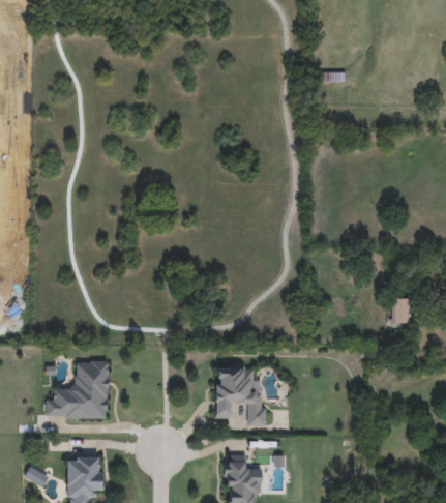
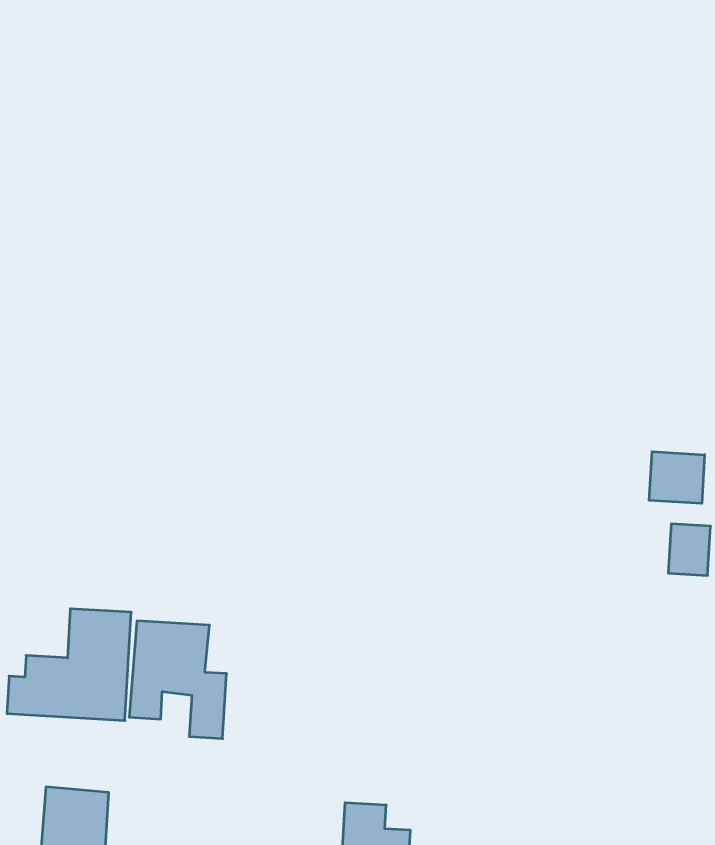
building: none -> [649,452,705,503]
building: [215,367,265,426] -> [129,621,227,739]

